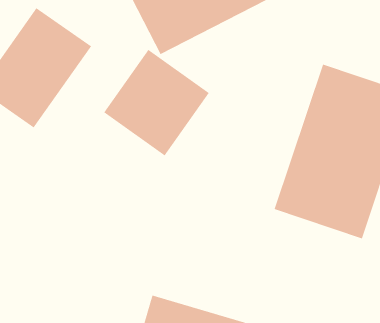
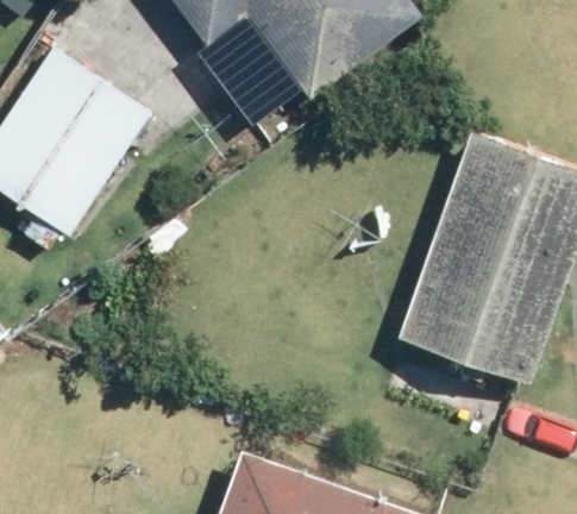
building: [103,49,210,157] -> none

